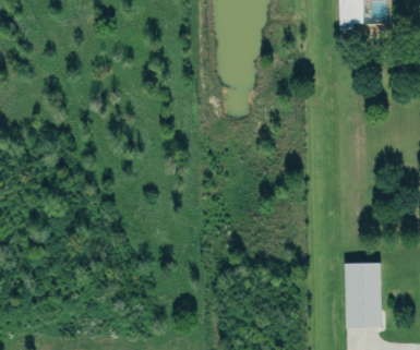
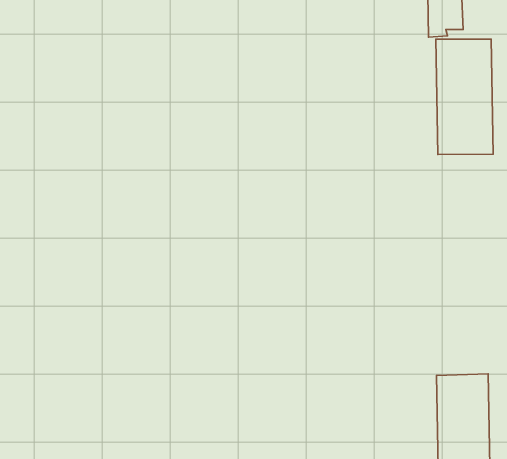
building: none -> [436,39,493,154]

